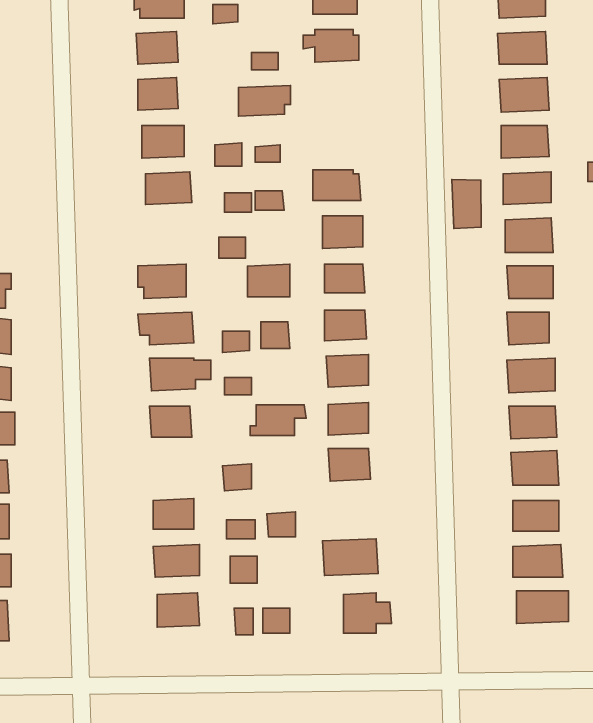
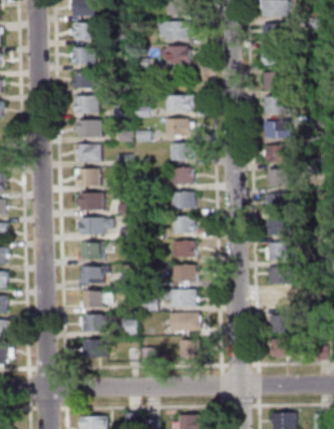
building: [239,85,290,116] -> [166,96,194,112]
building: [452,179,481,228] -> none
building: [248,264,290,297] -> [78,145,100,162]
building: [250,405,306,436] -> [79,268,108,284]
building: none -> [172,291,196,308]

